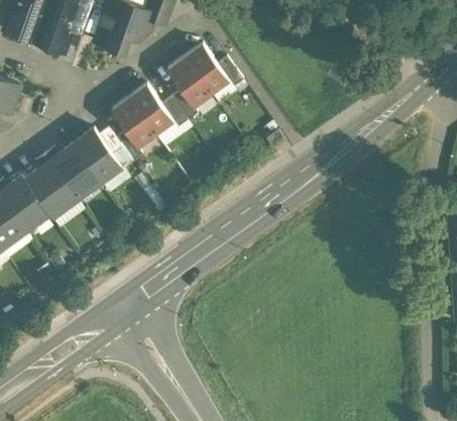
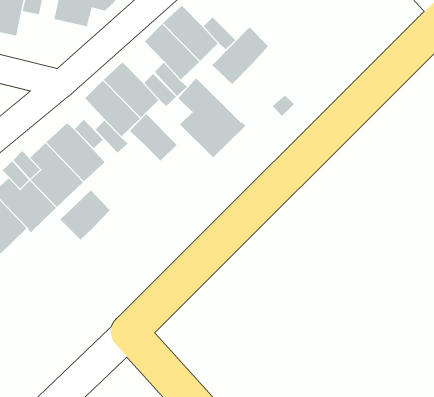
building: none -> [212,27,269,85]
building: none -> [177,78,246,158]
building: none -> [129,113,177,161]
building: none -> [60,189,111,241]

